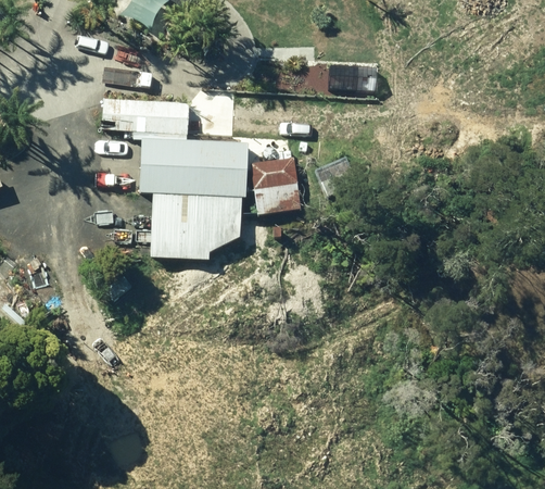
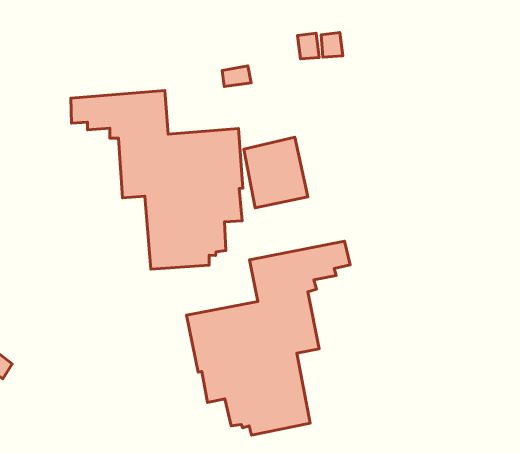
building: none -> [187,241,350,435]

